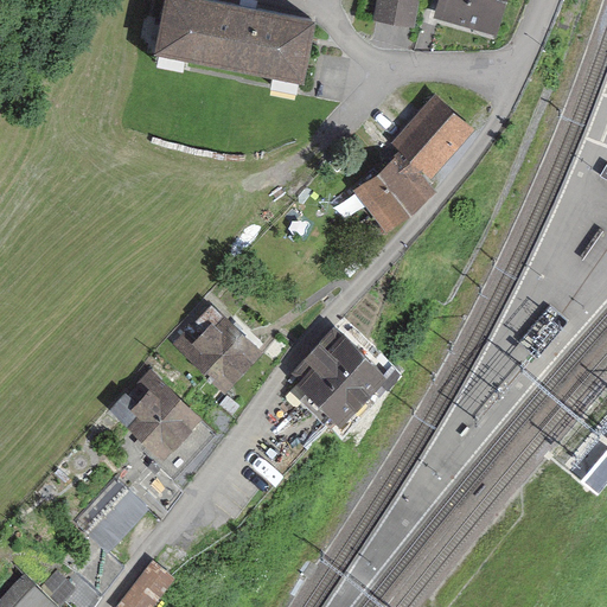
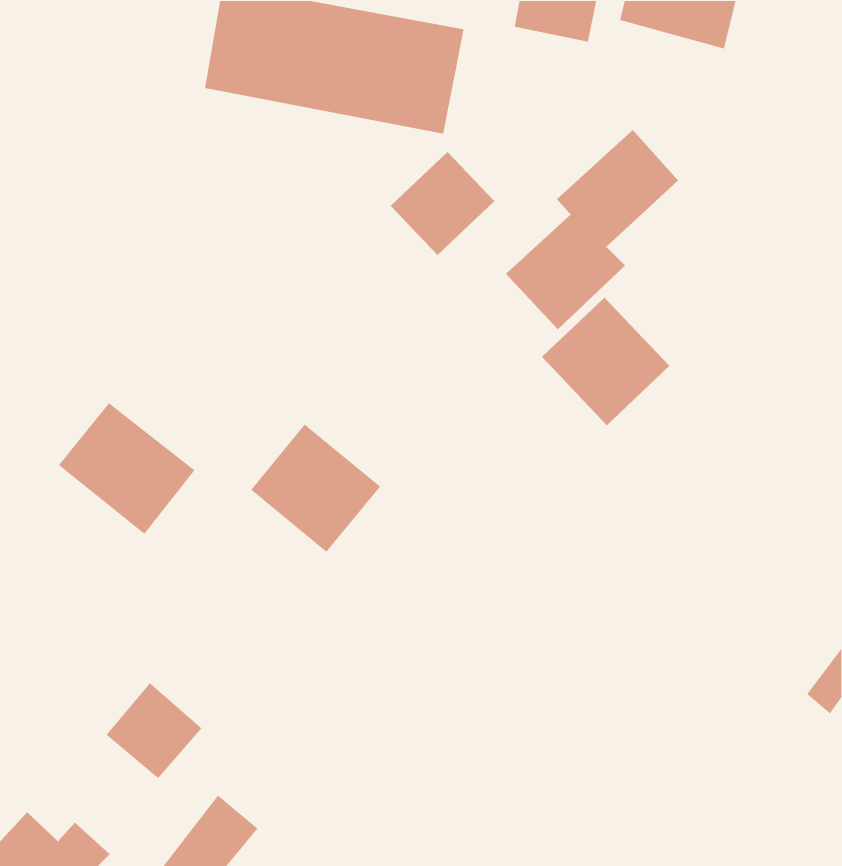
building: none -> [390,151,495,256]
building: none -> [541,297,670,426]
building: [283,314,404,433] -> none
building: [114,370,210,462] -> [58,402,196,535]

